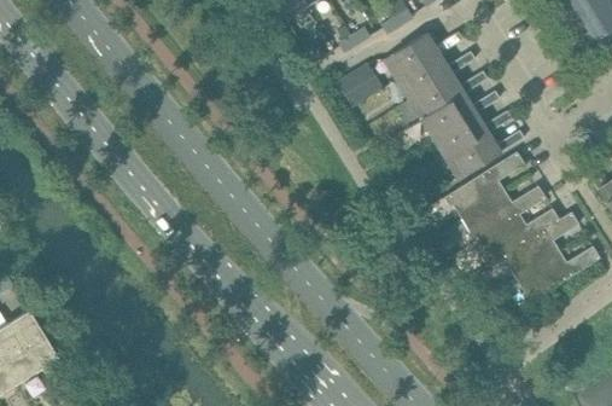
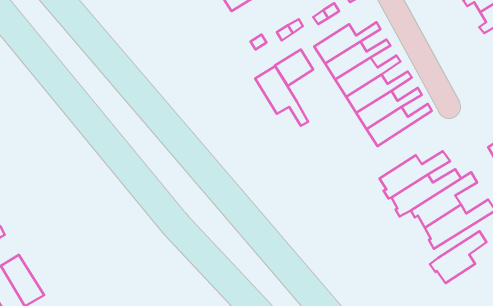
building: none -> [255,66,308,126]
building: [443,151,524,218] -> none
building: none -> [430,231,486,283]

